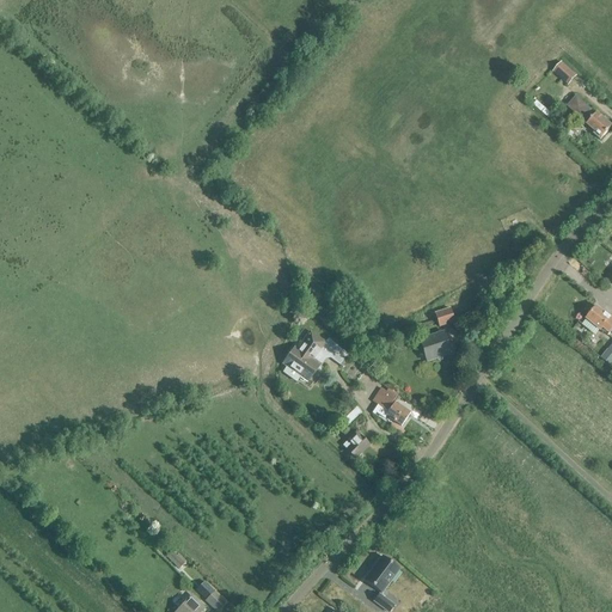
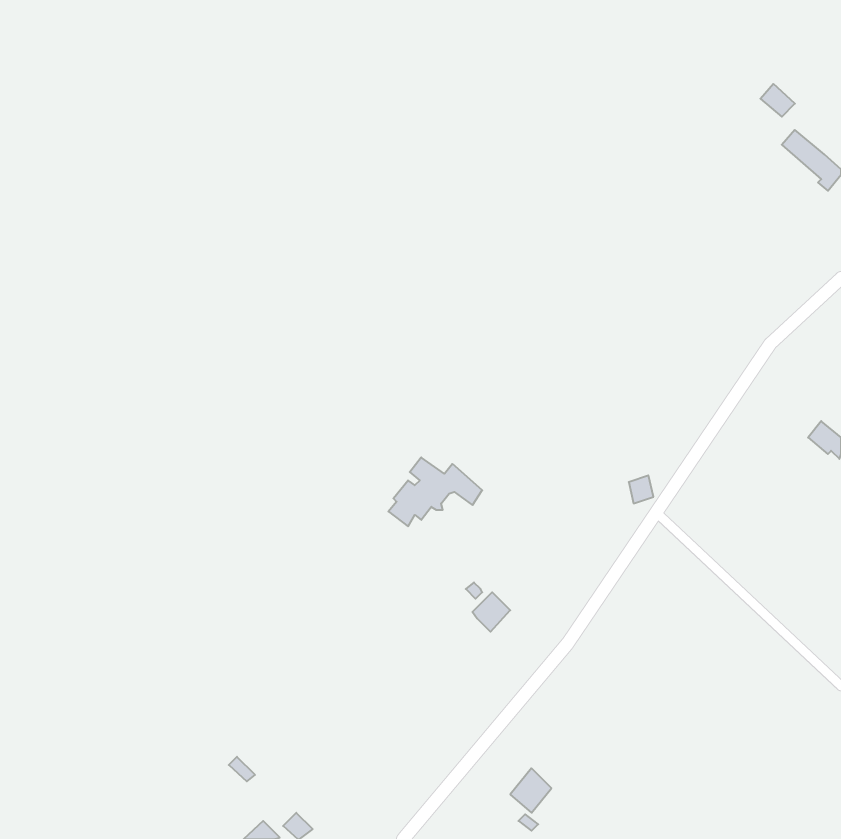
building: [420,330,452,361] -> none
building: [372,387,411,424] -> none

